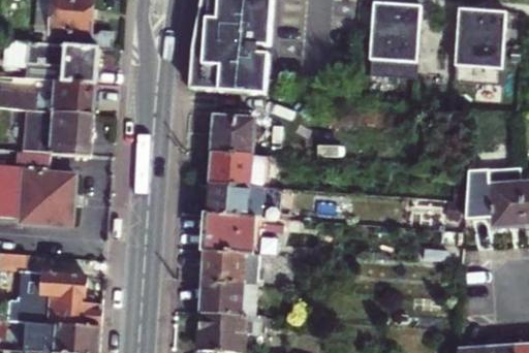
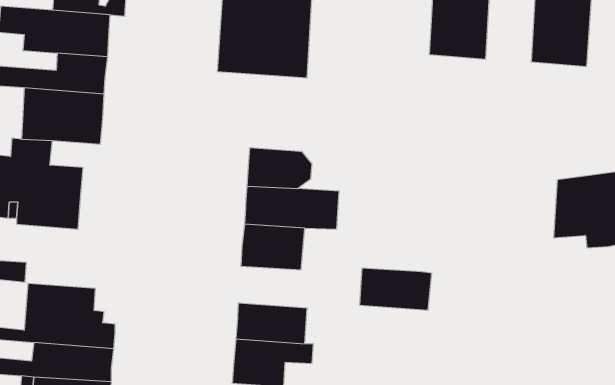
building: [214,117,259,155] -> none
building: [205,251,266,286] -> [359,268,432,310]

